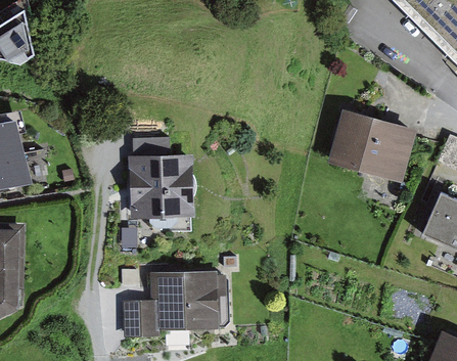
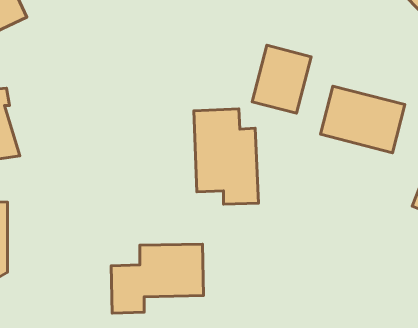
building: none -> [252,45,311,113]
building: [125,137,189,232] -> [194,109,258,204]

